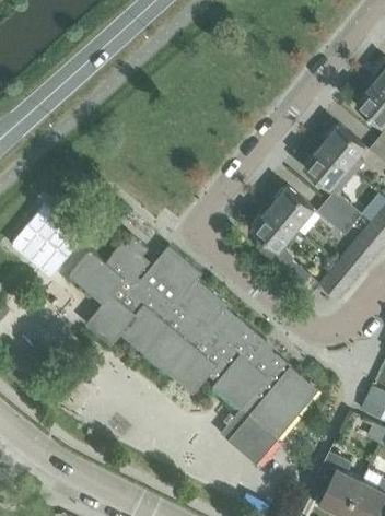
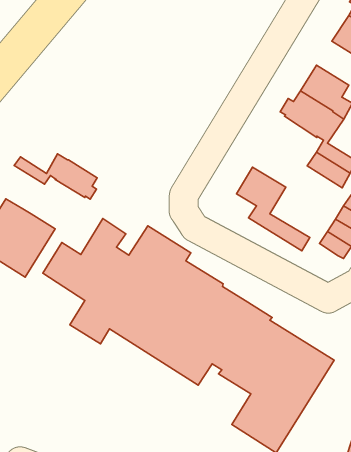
building: none -> [14,154,97,199]
building: [268,186,313,228] -> none

